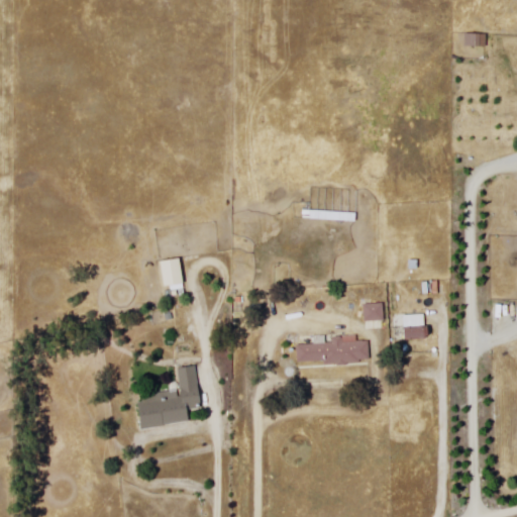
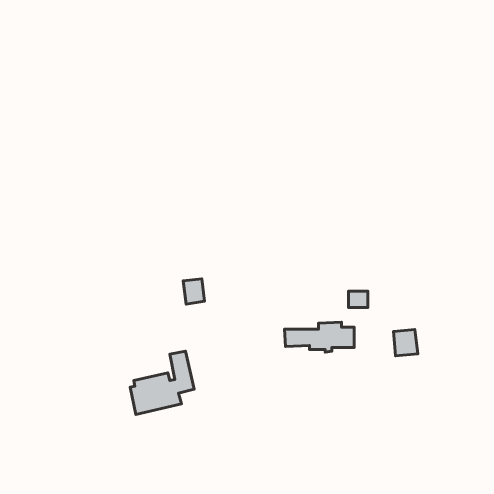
building: [160,258,182,285] -> [183,279,205,304]
building: [401,312,426,339] -> [393,330,418,356]

